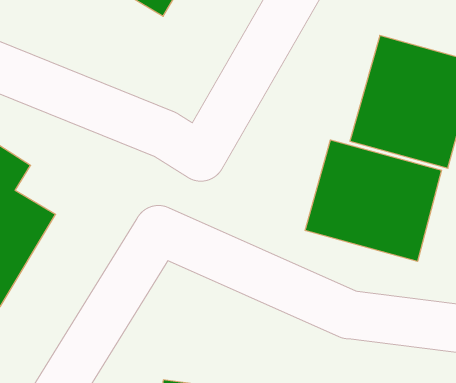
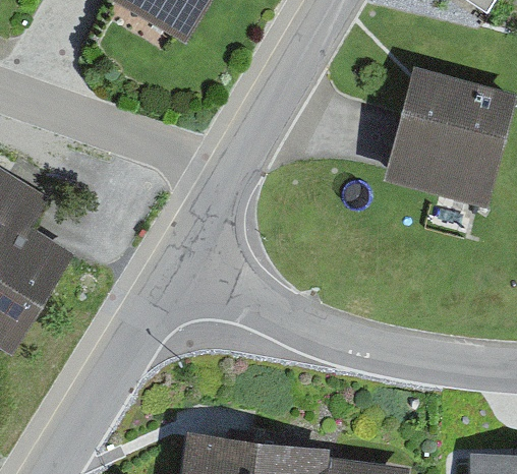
building: [305,140,442,261] -> none

